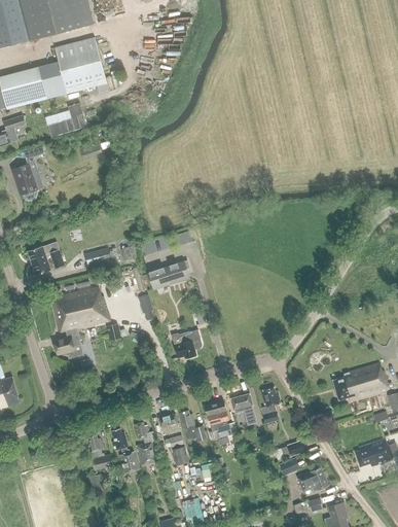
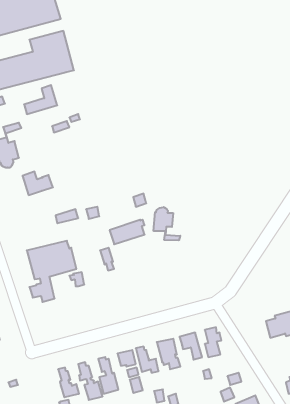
building: none -> [154,207,180,240]
building: [28,245,64,273] -> [22,172,53,195]
building: [172,328,202,357] -> none

